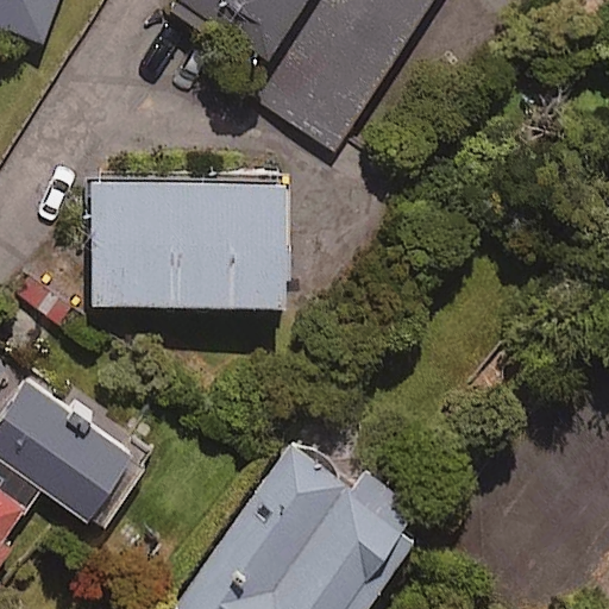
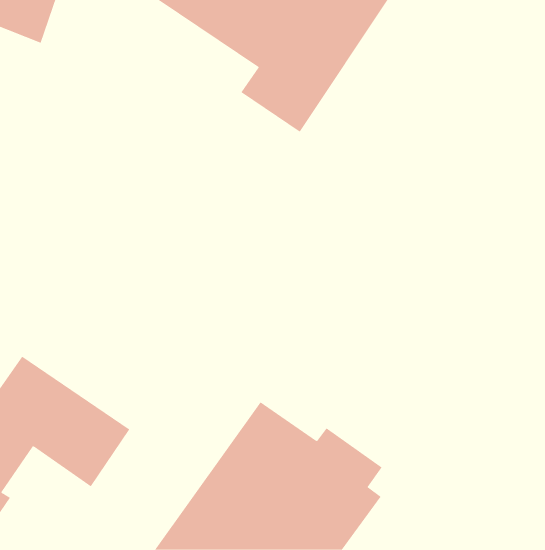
building: [92,181,289,307] -> none

